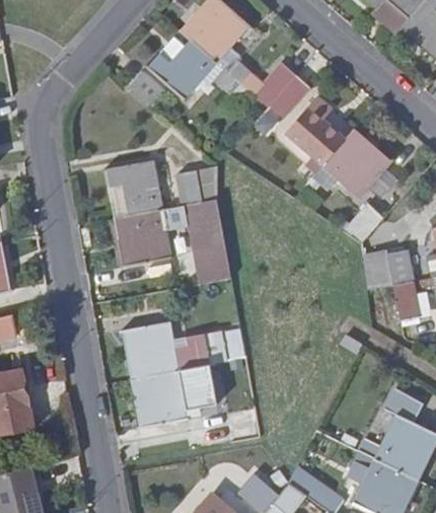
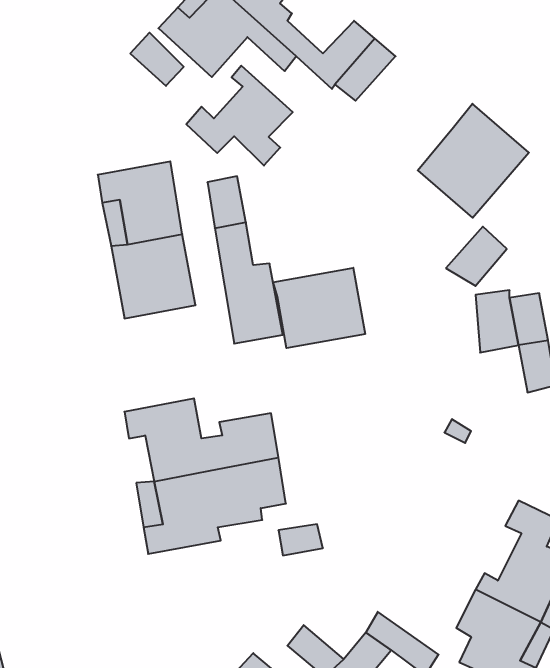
building: none -> [186,66,293,166]
building: [286,95,349,165] -> none
building: none -> [273,268,365,348]

